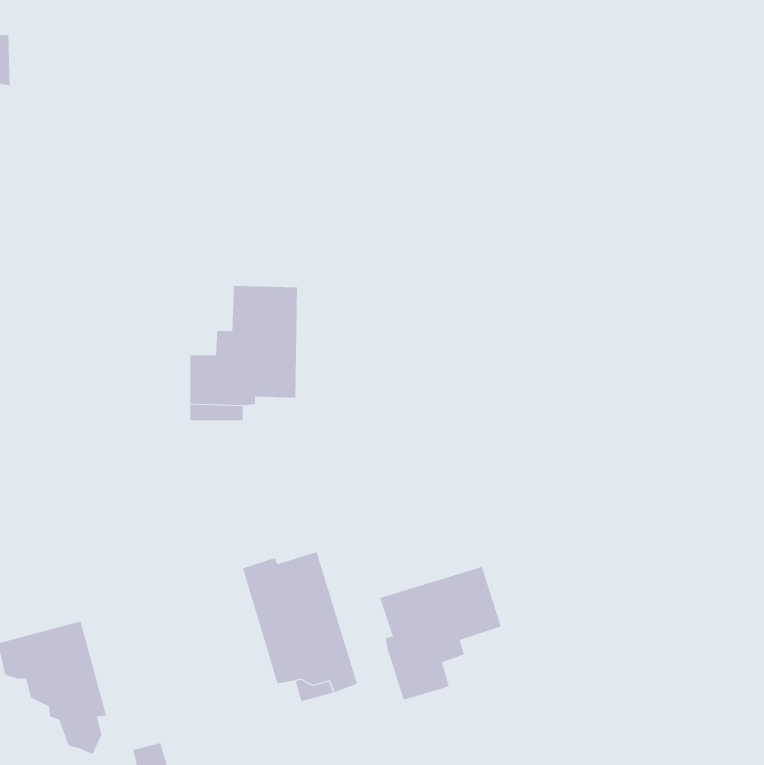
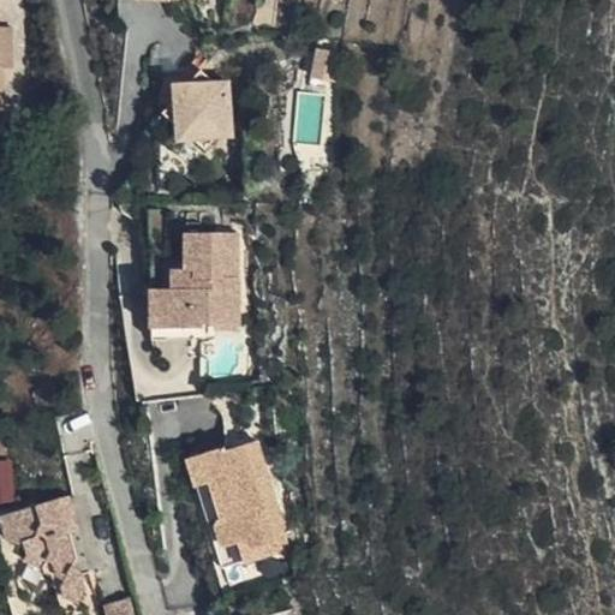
building: none -> [162,64,235,149]
building: [380,566,502,700] -> none

